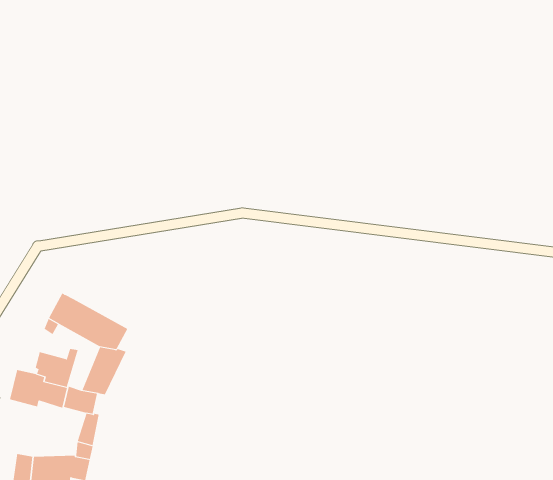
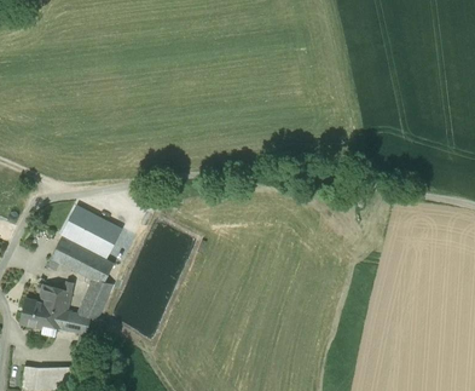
building: none -> [62,207,118,257]

